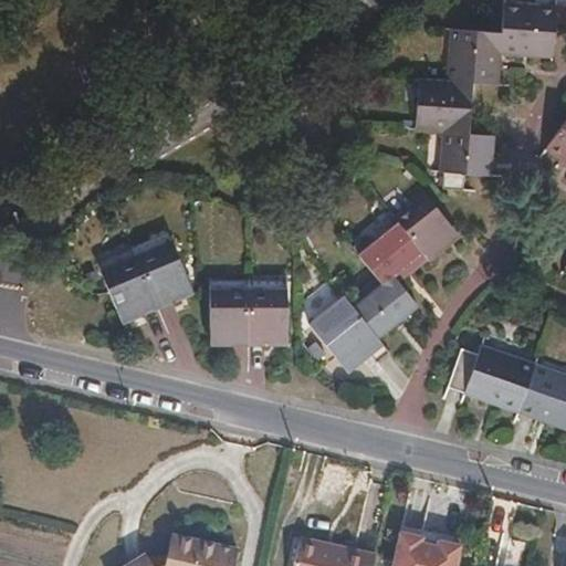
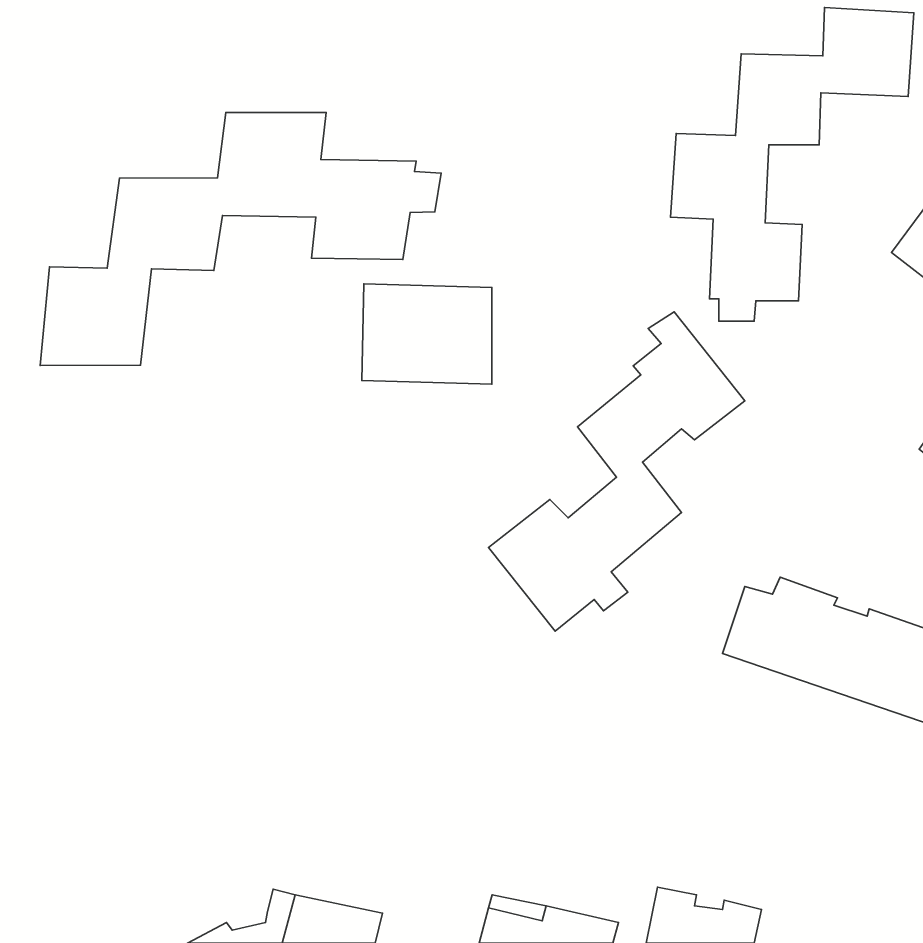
building: none -> [40,112,441,365]
building: [99,235,192,321] -> none
building: [207,287,284,347] -> [362,284,492,384]

